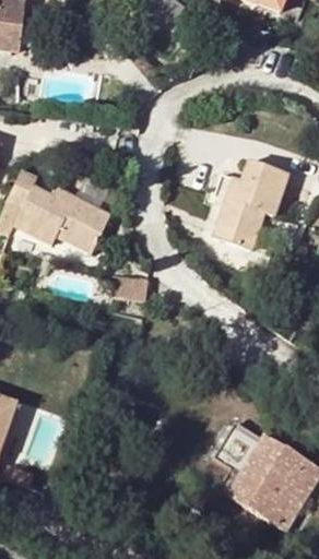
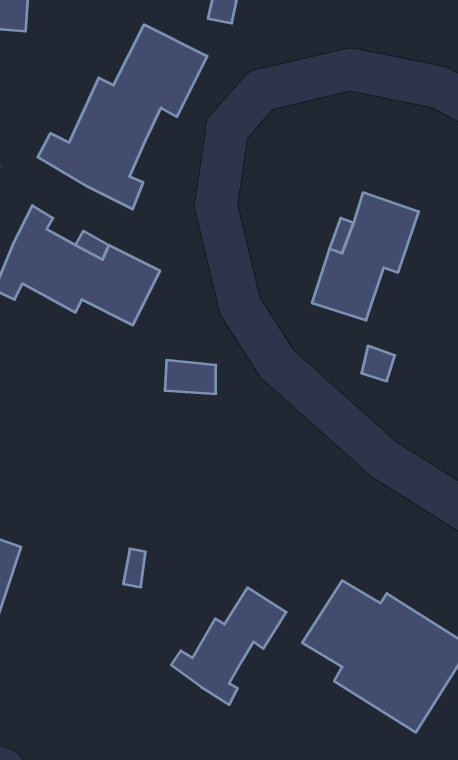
building: none -> [38,25,207,209]
building: none -> [171,588,286,705]

